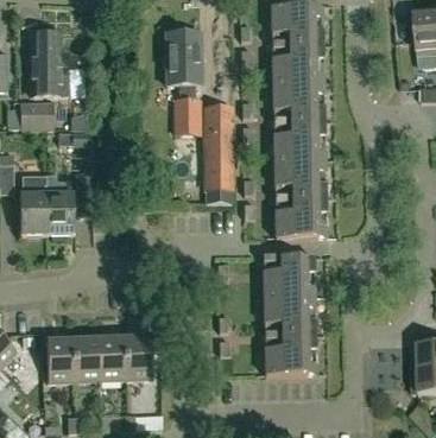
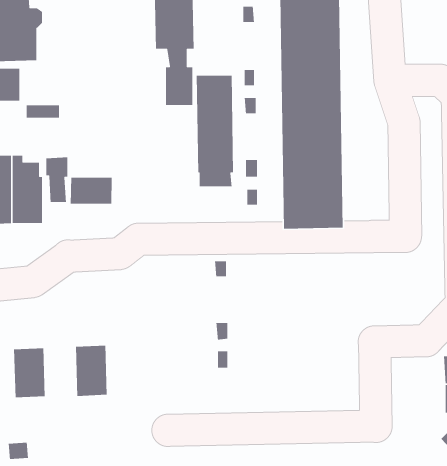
building: none -> [70,177,113,204]
building: [264,253,316,374] -> none
building: [126,335,153,377] -> none
building: [74,336,101,379] -> none

